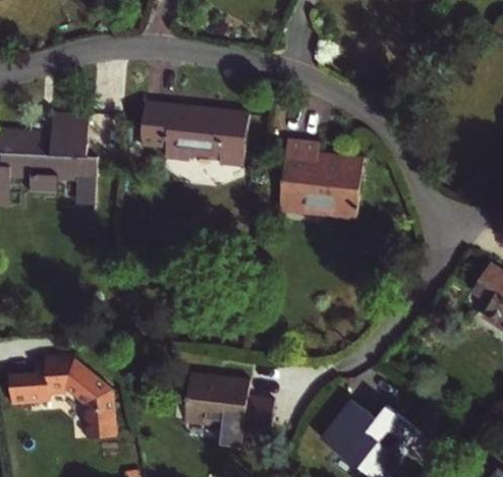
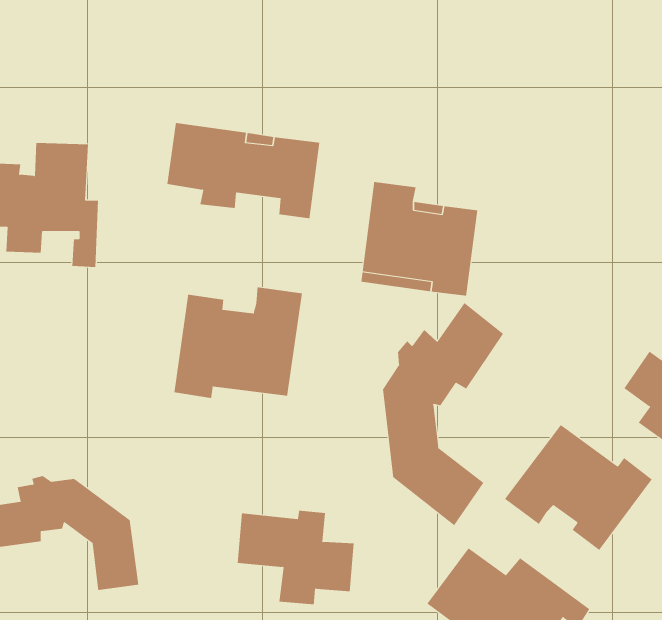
building: none -> [174,286,303,399]
building: none -> [382,302,504,526]
building: none -> [504,424,653,551]

